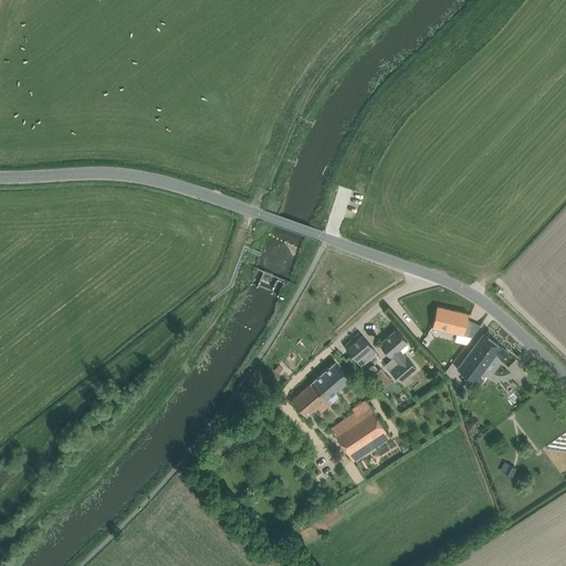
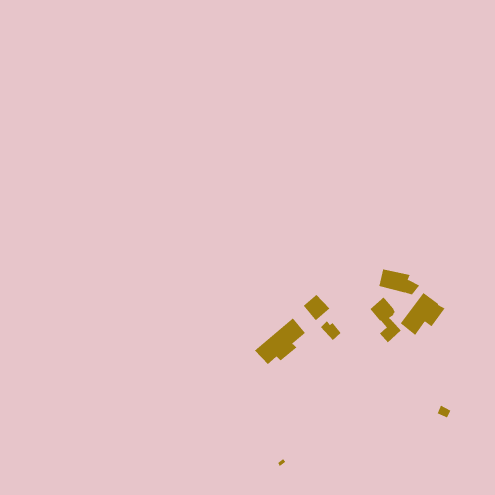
building: [378,329,415,382] -> [369,297,401,343]
building: [334,401,389,462] -> none

